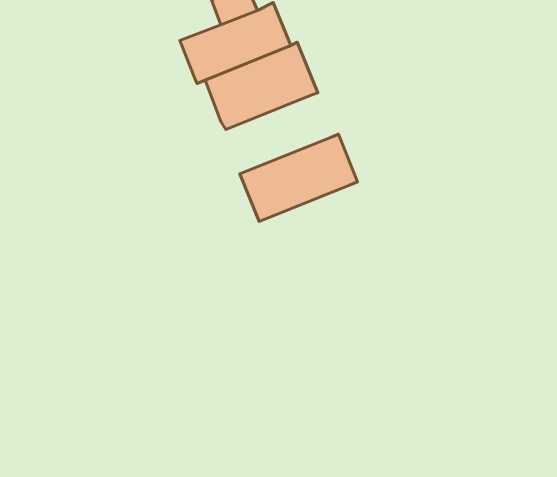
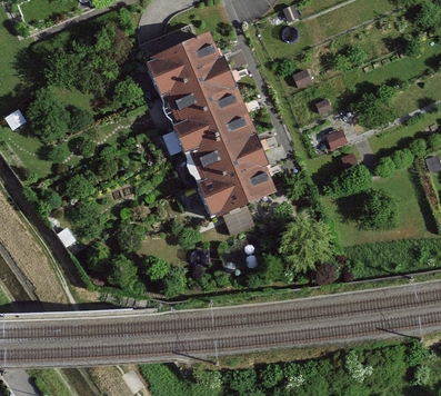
building: none -> [170,100,250,158]
building: none -> [194,164,274,219]

